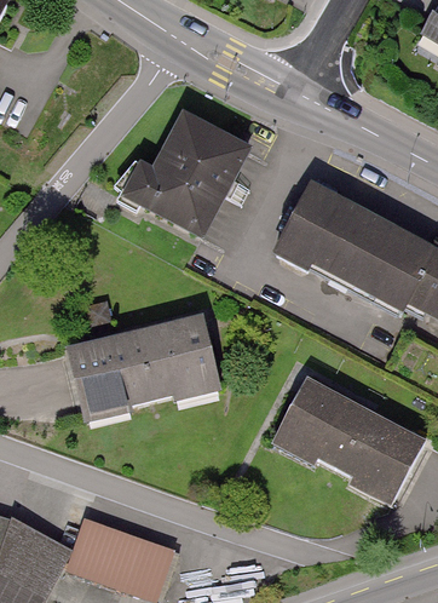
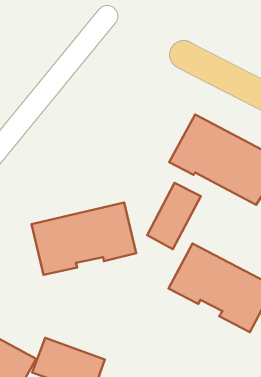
building: [120,109,252,240] -> none
building: none -> [147,183,201,249]

